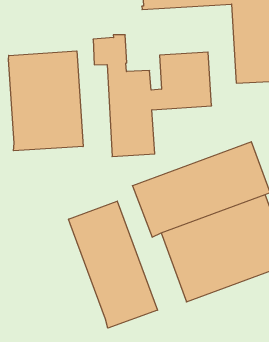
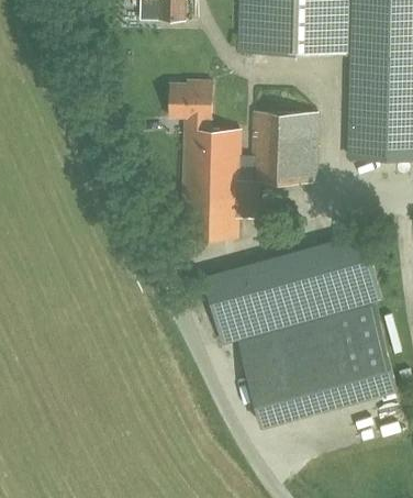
building: [9,51,83,151] -> none
building: [69,201,158,328] -> none

